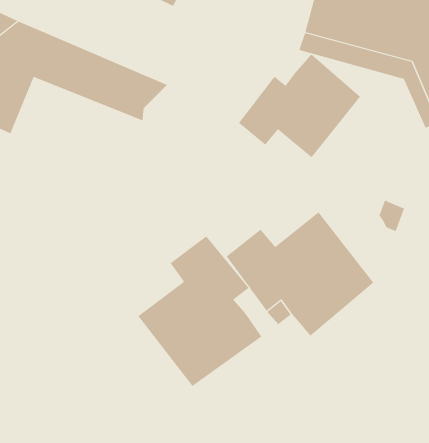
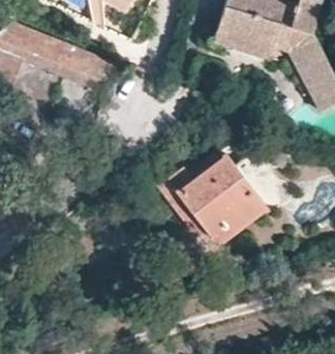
building: [238,54,361,158] -> none
building: [137,235,262,387] -> none

